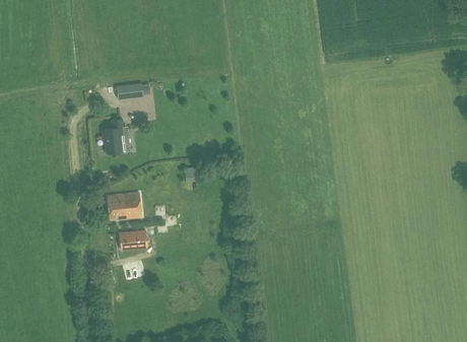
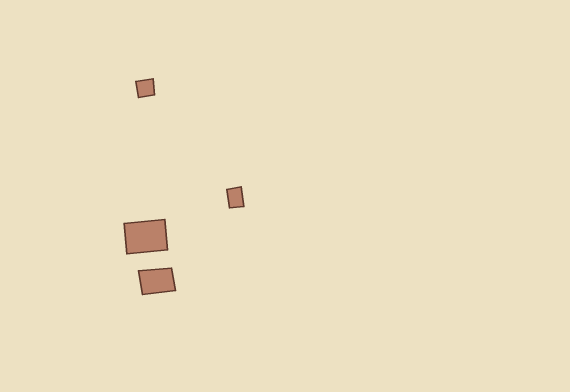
building: [103,118,131,152] -> none

